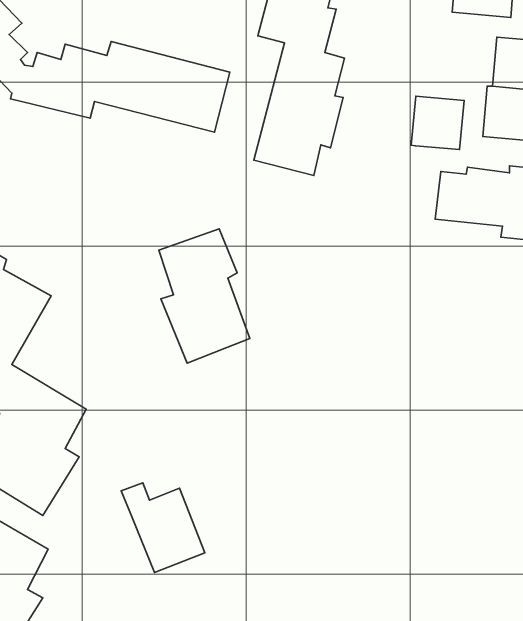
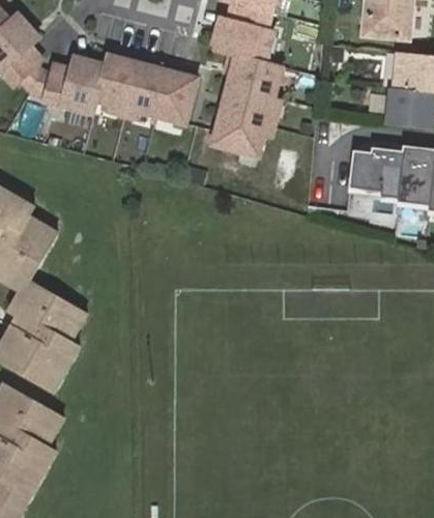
building: [411,96,464,149] -> none
building: [159,229,250,363] -> none
building: [121,483,205,573] -> none

